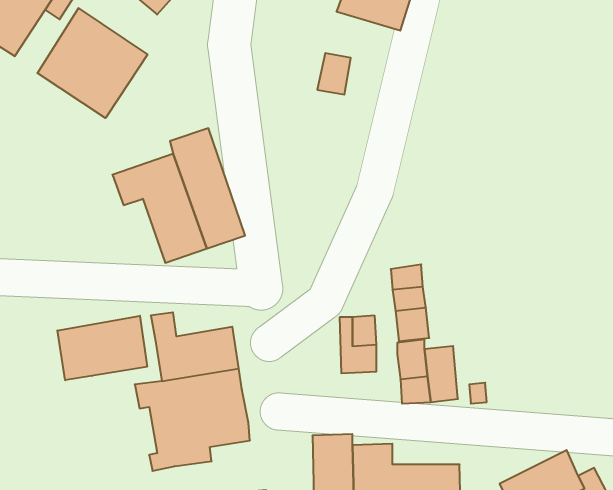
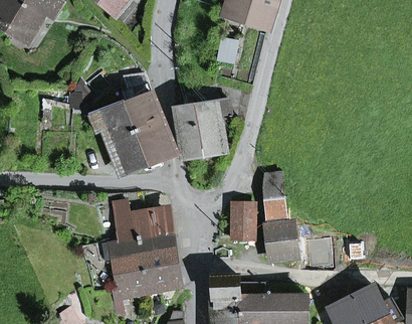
building: [37,8,147,118] -> none
building: none -> [176,99,230,155]
building: [57,316,147,380] -> none

